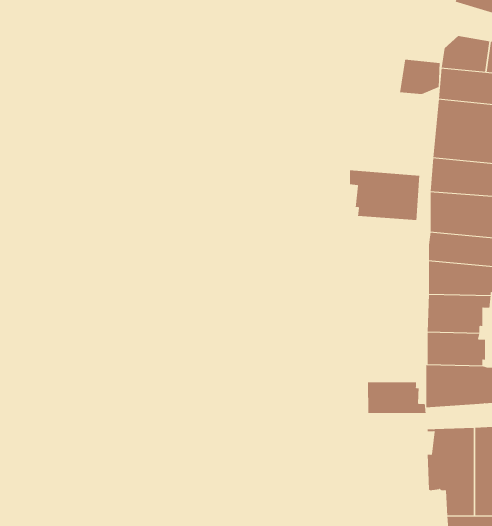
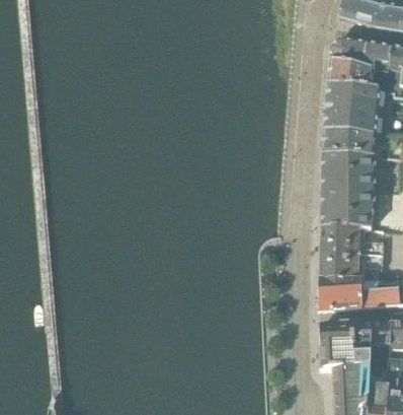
building: [399,59,440,95] -> none
building: [350,170,420,221] -> none
building: [367,381,426,414] -> none

